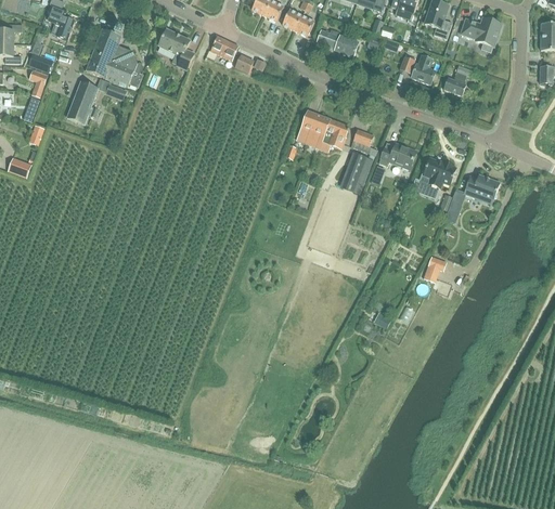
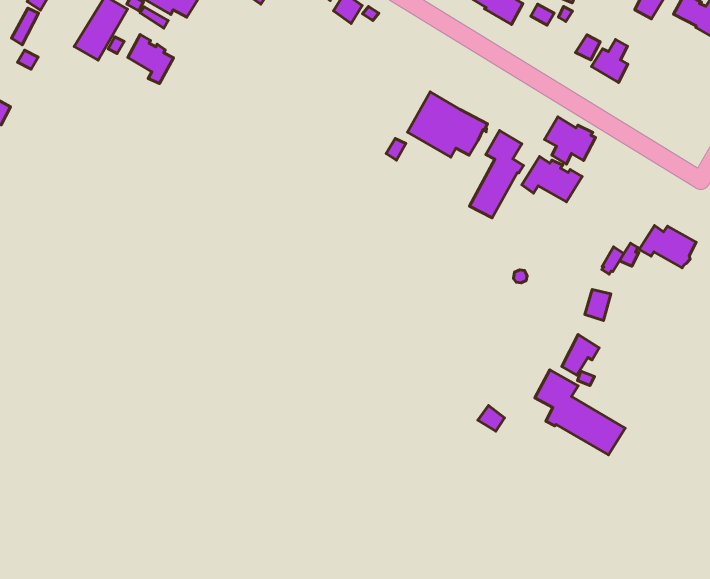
building: [443,65,472,96] -> none
building: none -> [128,34,173,84]
building: [422,158,455,188] -> [544,117,595,164]
building: none -> [535,370,625,455]

